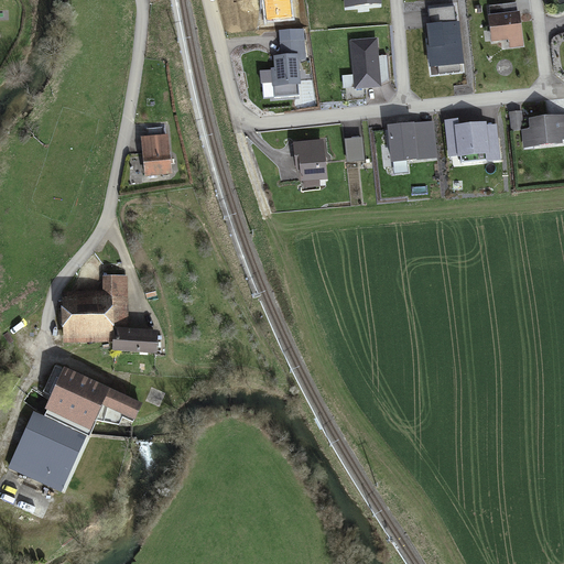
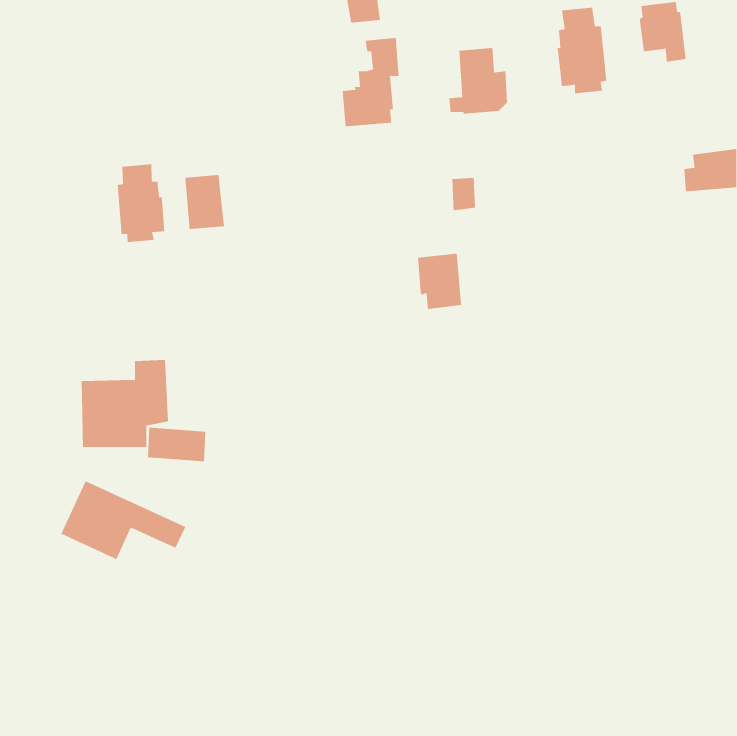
building: [387,120,437,161] -> none
building: [454,120,490,156] -> none
building: none -> [117,163,165,243]
building: [293,138,327,181] -> [417,253,462,310]
building: [9,411,86,490] -> none

